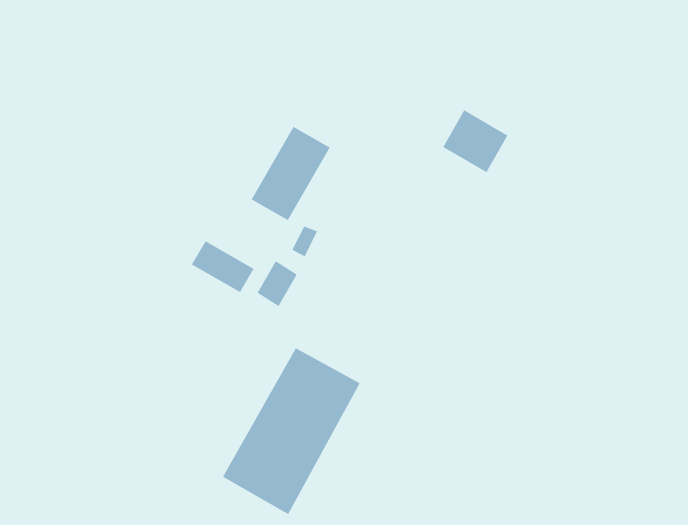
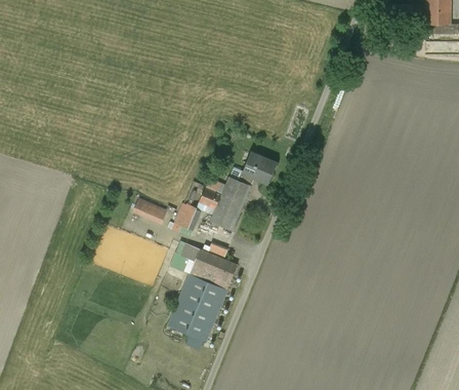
building: [443,110,508,173] -> [241,150,277,184]
building: [251,126,331,221] -> [209,176,250,229]

